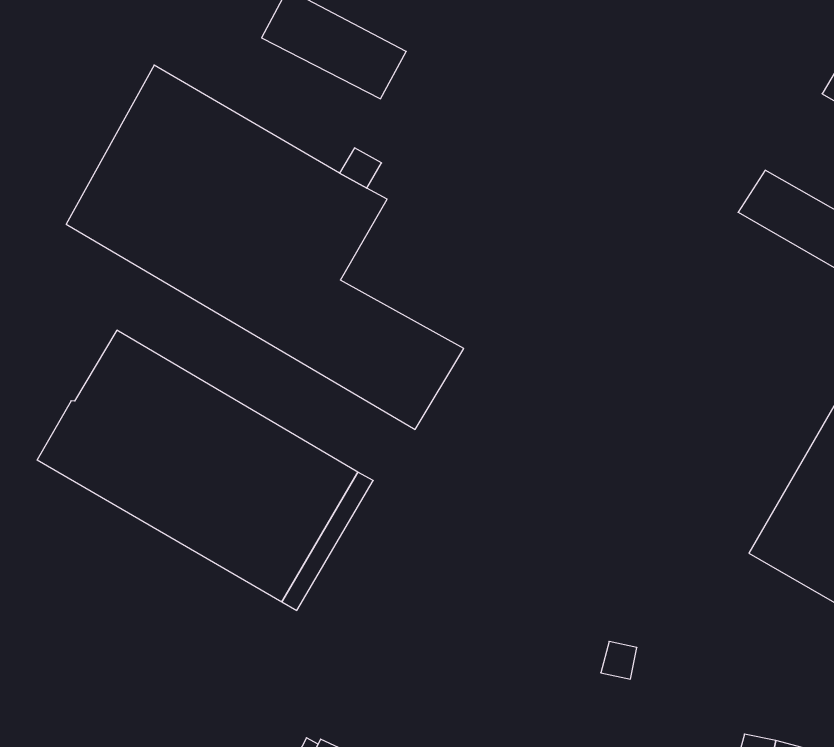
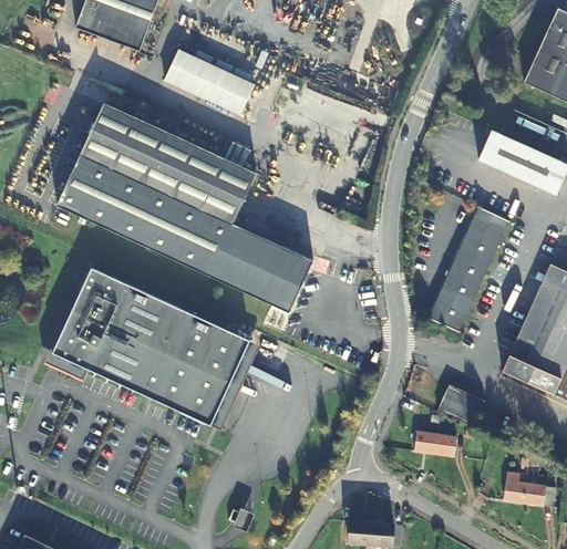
building: none -> [427,207,507,331]
building: none -> [442,386,488,425]
building: none -> [435,435,460,458]

